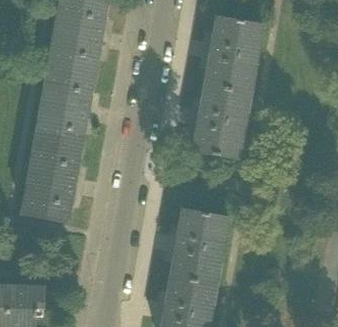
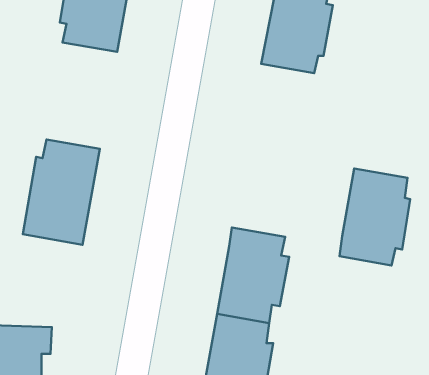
building: [37,67,94,149] -> none
building: [193,84,247,158] -> [340,168,410,266]

